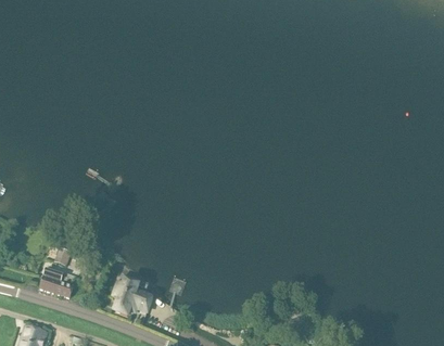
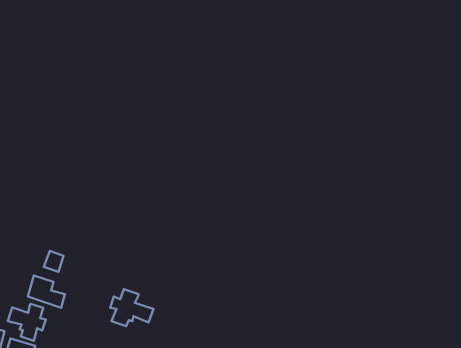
building: none -> [8,304,46,341]

